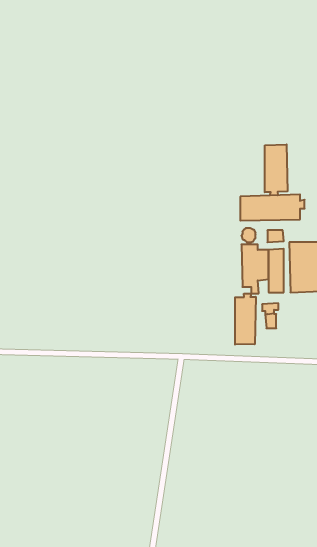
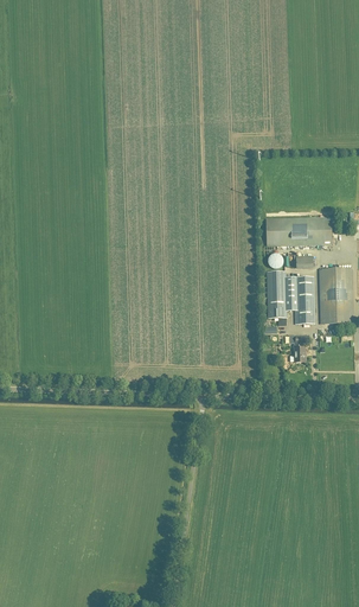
building: [265,144,287,195] -> none
building: [235,293,256,345] -> none

